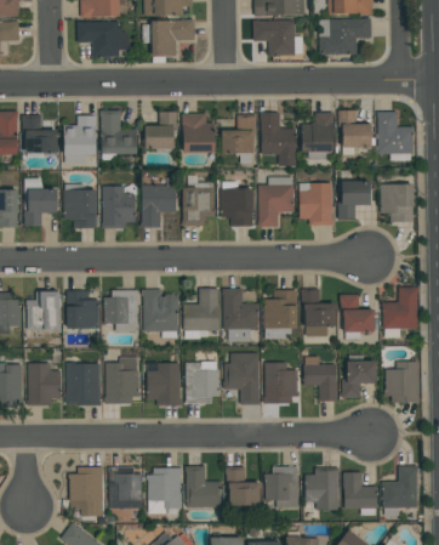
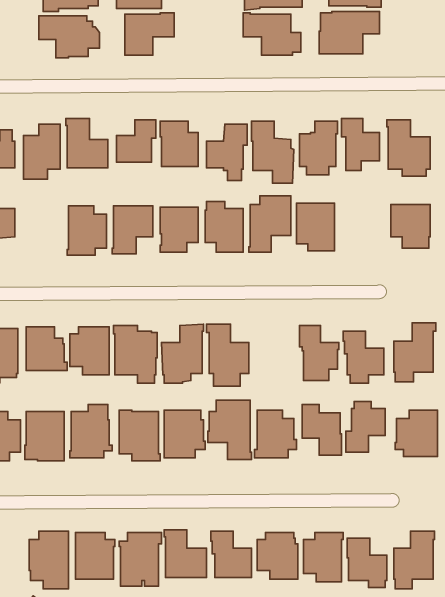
building: [338,171,370,217] -> none
building: [63,183,97,228] -> none
building: [264,290,297,339] -> none

